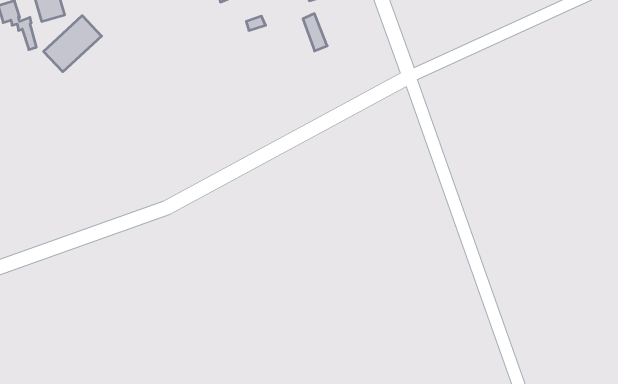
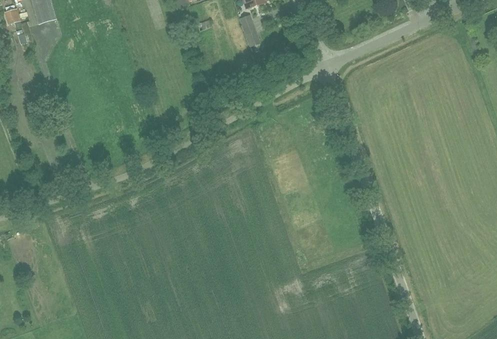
building: [44,16,102,72] -> none

